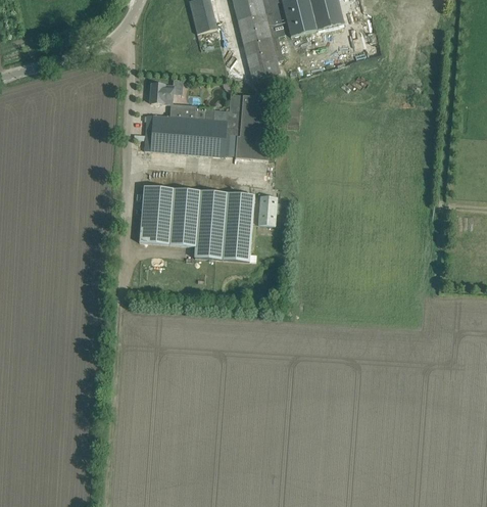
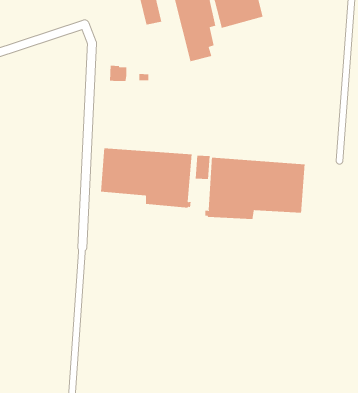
building: [143,86,271,158] -> none
building: none -> [205,157,305,220]

